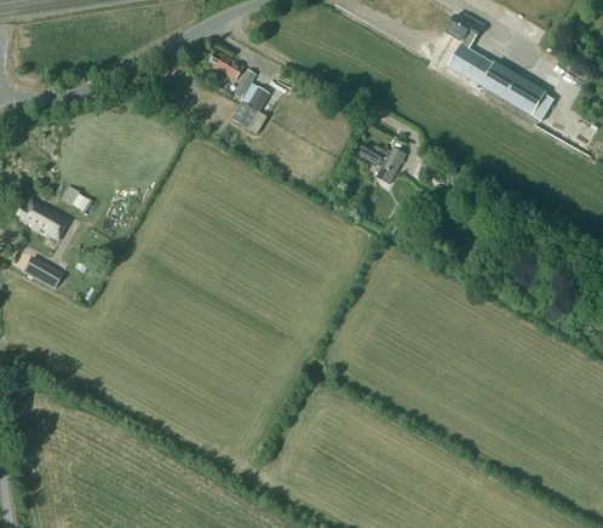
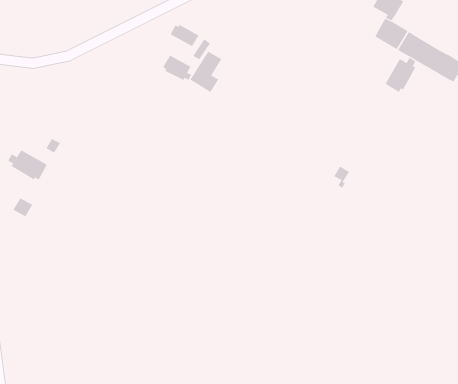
building: none -> [162,55,192,81]
building: none -> [385,57,416,93]
building: [361,143,407,184] -> none

